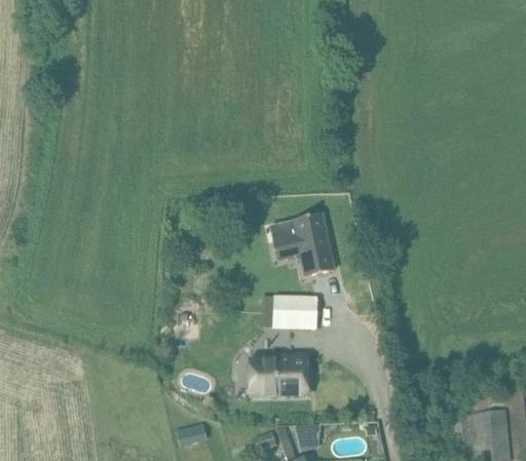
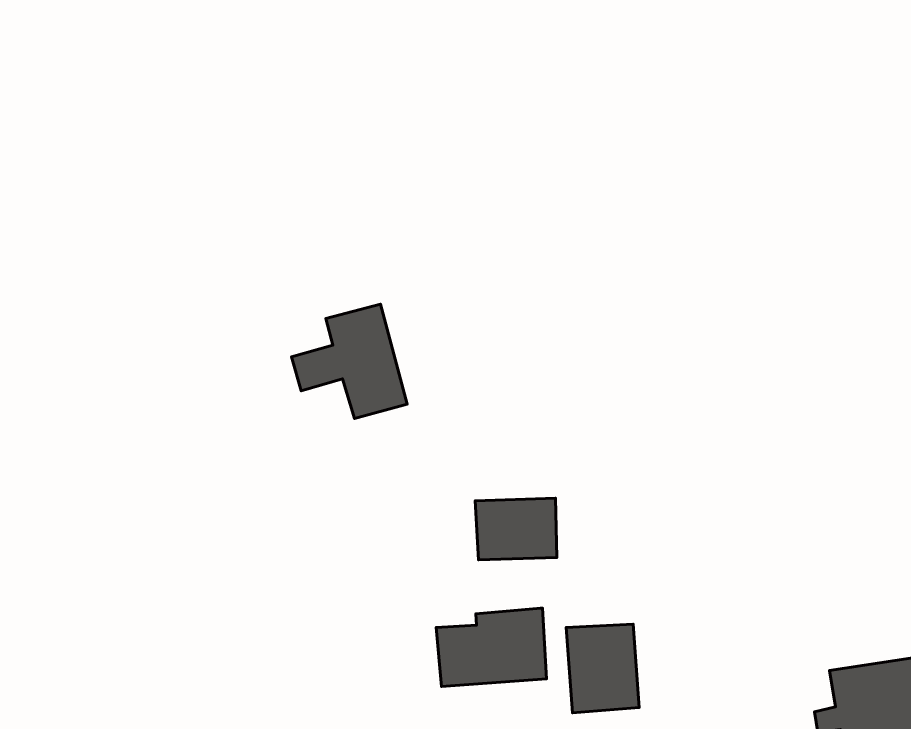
building: [273,216,334,276] -> [292,304,407,419]
building: none -> [566,624,639,713]

